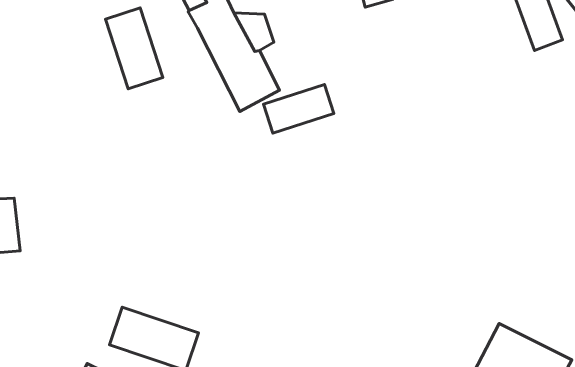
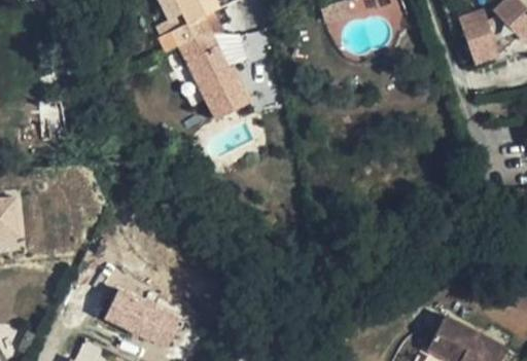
building: [106,8,163,89] -> none
building: [263,85,334,133] -> none

